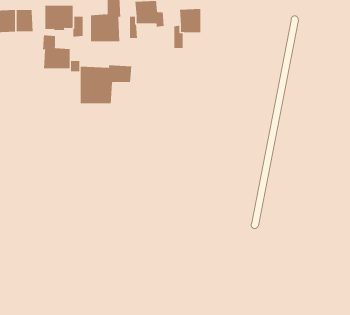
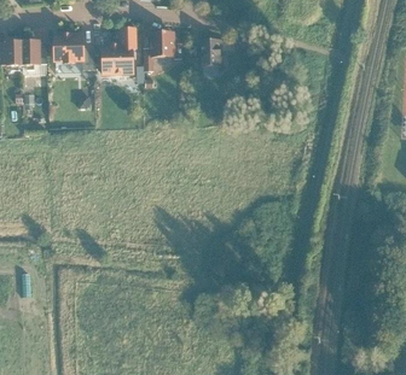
building: [43,35,70,69] -> none
building: [80,64,132,104] -> none

